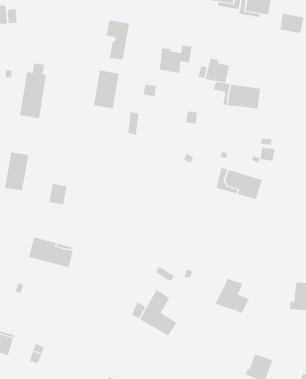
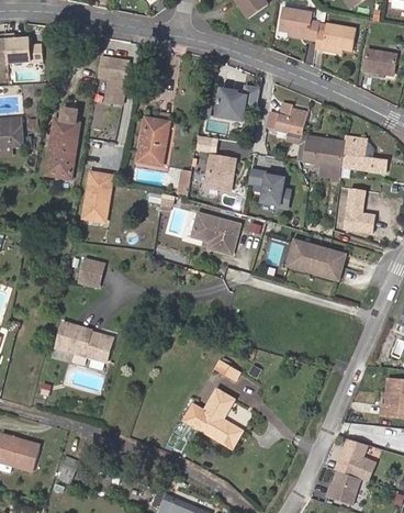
building: [106,20,130,60] -> [97,56,126,105]
building: none -> [340,136,385,172]
building: none -> [209,155,237,190]
building: none -> [263,171,292,207]
building: none -> [192,212,240,253]
building: [4,152,29,191] -> [81,172,112,221]
building: [215,278,249,314] -> [333,436,375,480]

